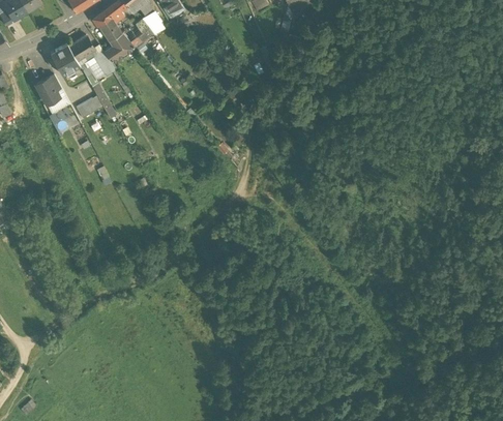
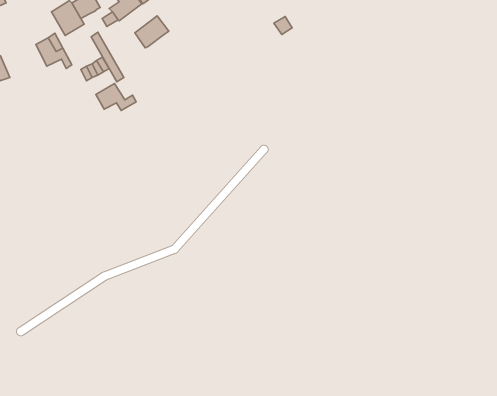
building: none -> [135,16,169,48]
building: none -> [96,83,136,110]

